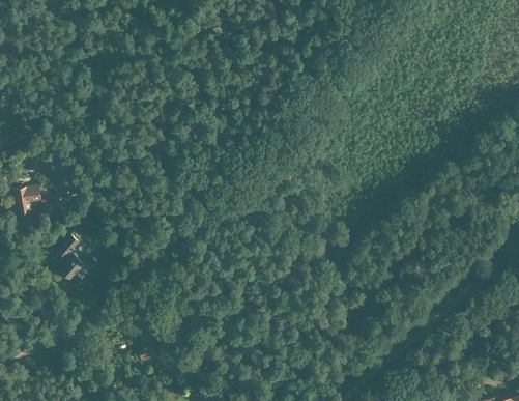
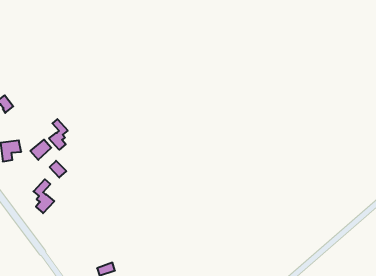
building: none -> [49,119,68,150]

